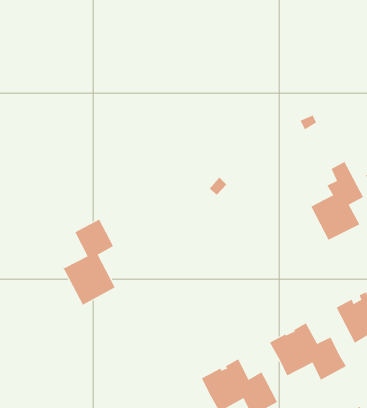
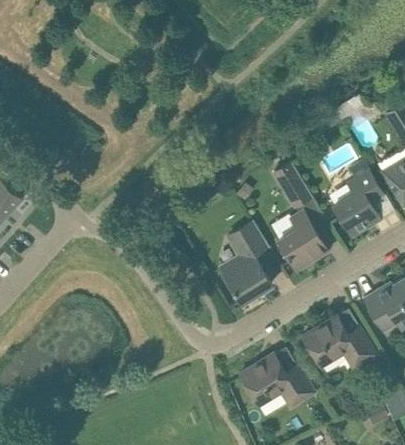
building: none -> [273,160,312,206]
building: none -> [279,211,327,269]
building: [62,219,115,305] -> [220,220,272,303]

